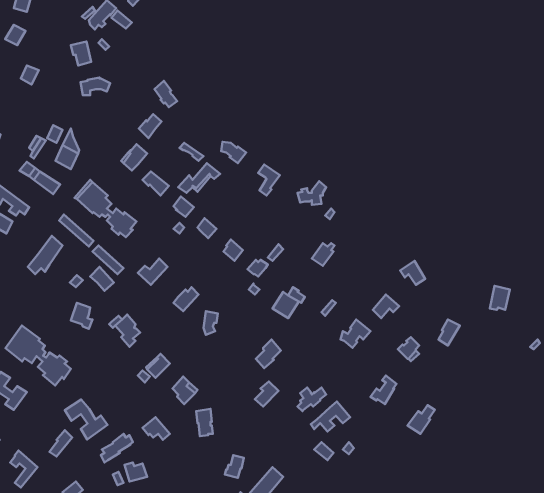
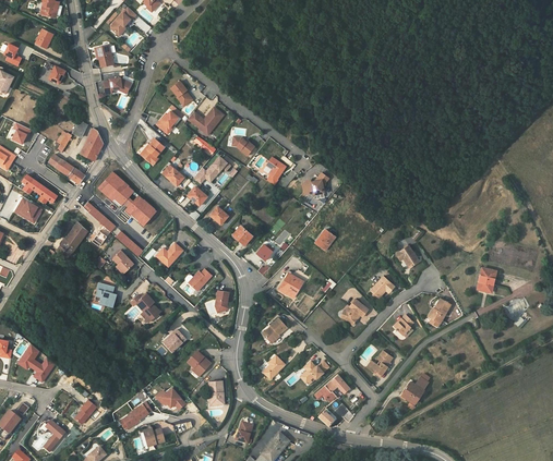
building: none -> [188,107,224,132]
building: [6,326,71,386] -> none
building: [65,400,108,440] -> none

